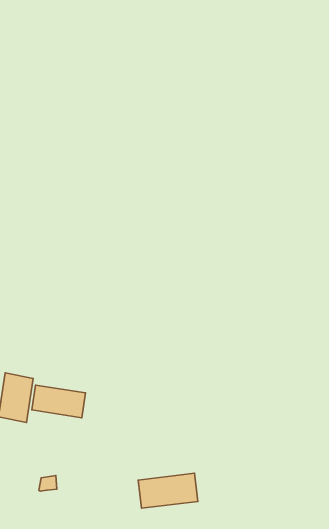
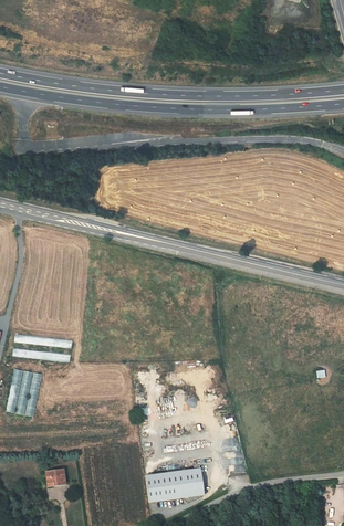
building: [32,385,86,418] -> none

